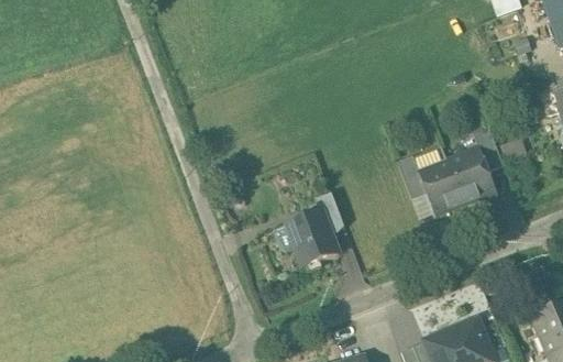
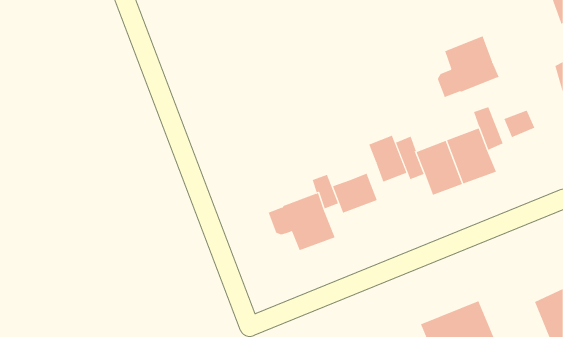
building: none -> [437,36,499,98]
building: none -> [368,135,407,183]
building: none -> [332,173,378,214]

